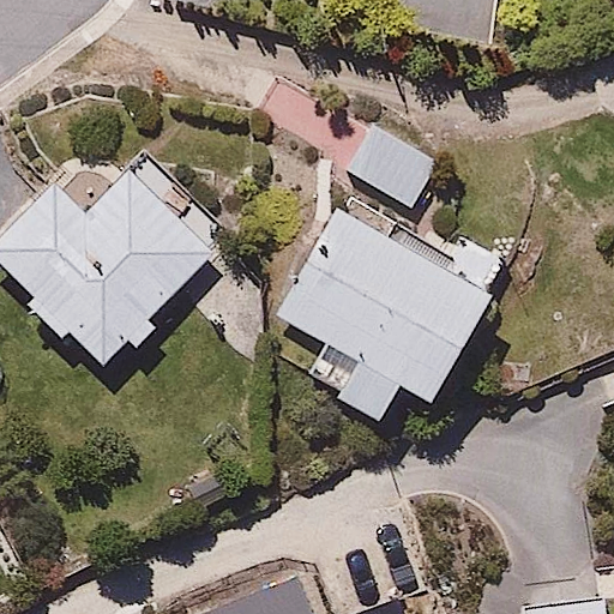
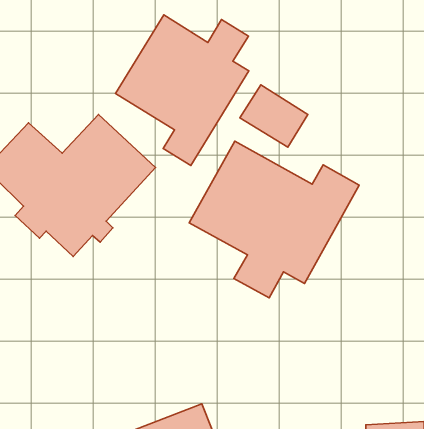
building: none -> [116,15,249,166]

